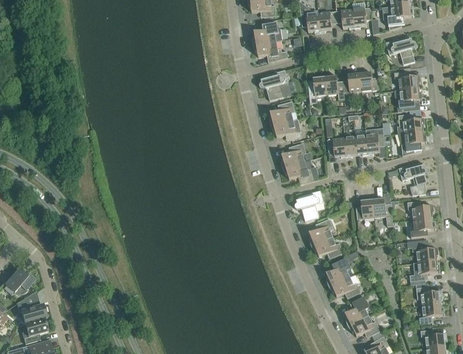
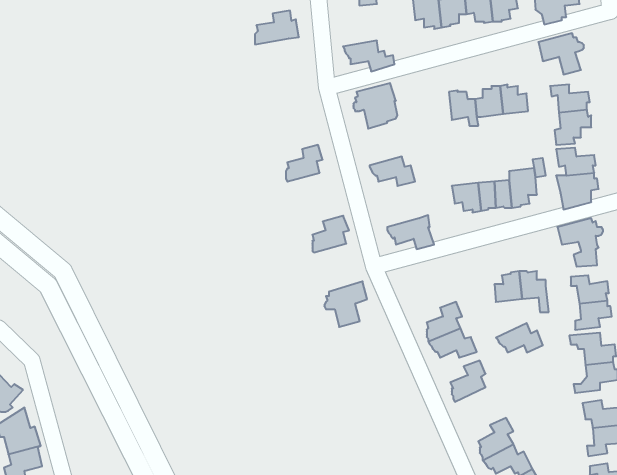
building: [252,22,282,45] -> [255,11,299,44]
building: [307,76,326,104] -> none
building: [269,101,294,126] -> [286,145,323,182]
building: [281,143,306,168] -> [312,216,349,252]
building: [294,190,323,221] -> [324,281,367,327]
building: [328,277,360,297] -> [496,323,543,352]

